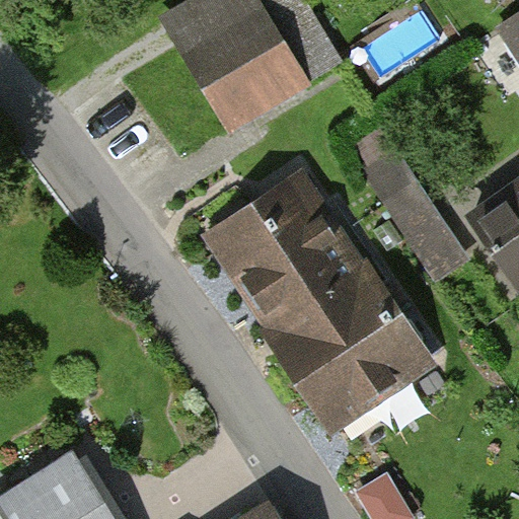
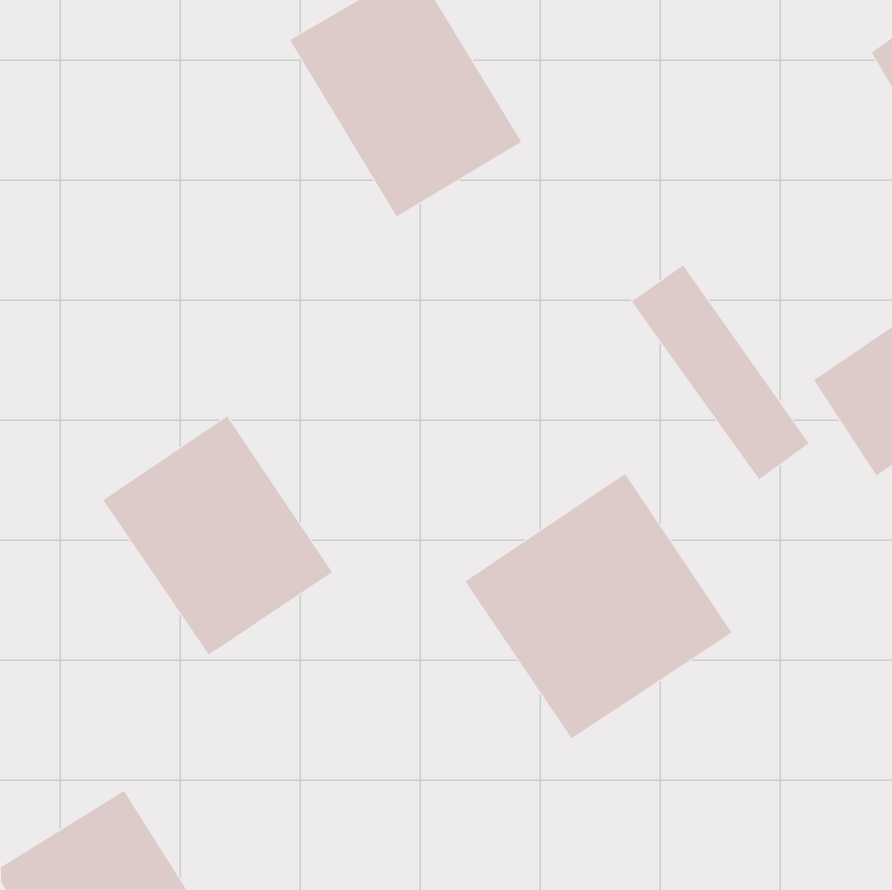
building: [209,182,364,337] -> none
building: none -> [103,416,333,655]

